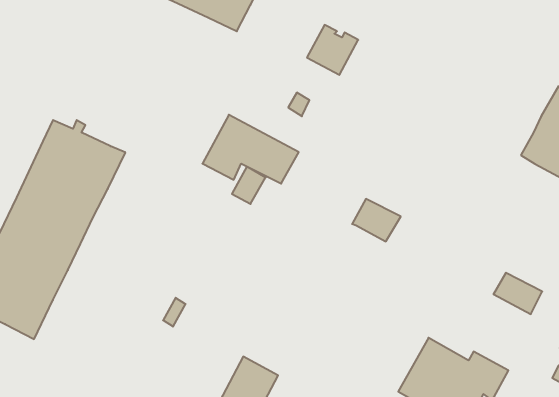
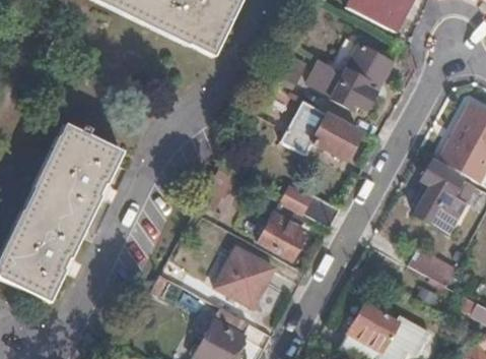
building: none -> [310,45,394,110]
building: [202,115,299,184] -> [284,98,362,154]
building: none -> [416,162,463,232]
building: none -> [260,200,307,257]
building: none -> [218,250,275,307]

